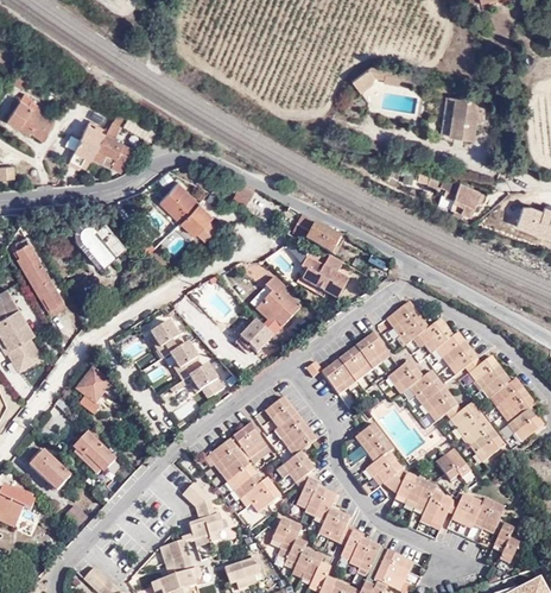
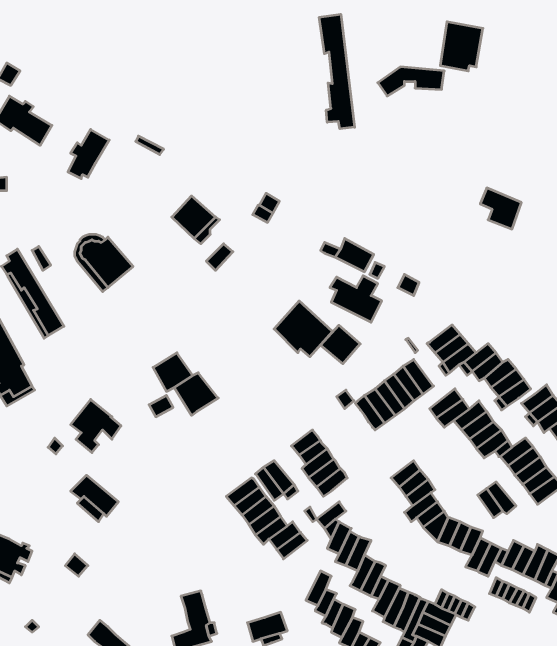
building: none -> [319,14,355,129]
building: [433,96,471,140] -> [440,22,483,71]
building: [91,135,132,172] -> none
building: [233,326,268,360] -> [320,325,360,364]
building: [182,360,228,404] -> none
building: [21,447,64,490] -> none
building: [184,480,227,540] -> none

